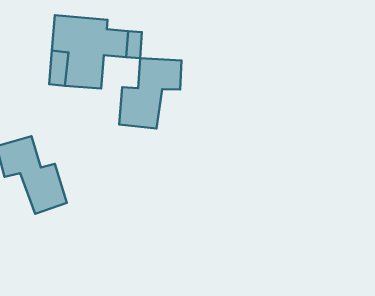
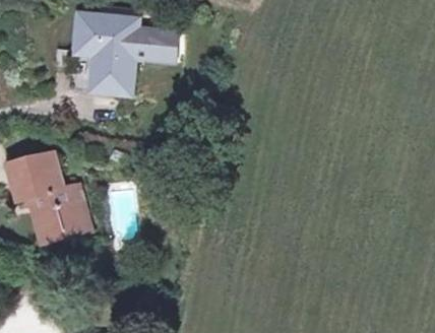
building: [119,58,181,129] -> none

